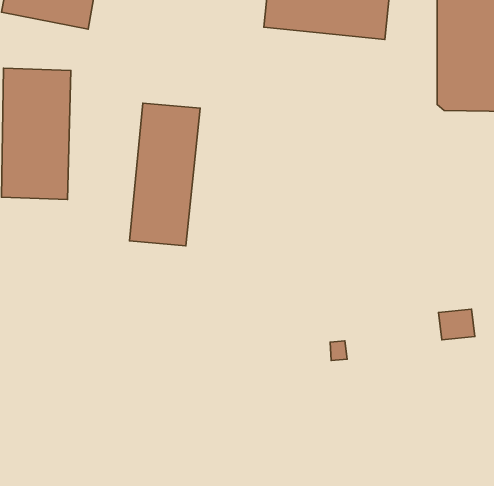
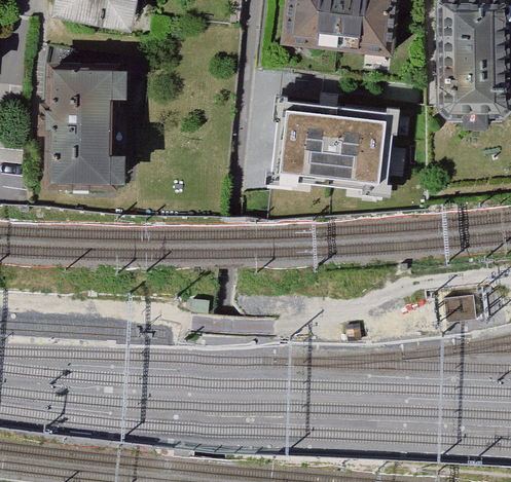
building: none -> [272,97,396,188]
building: [130,103,200,246] -> none

